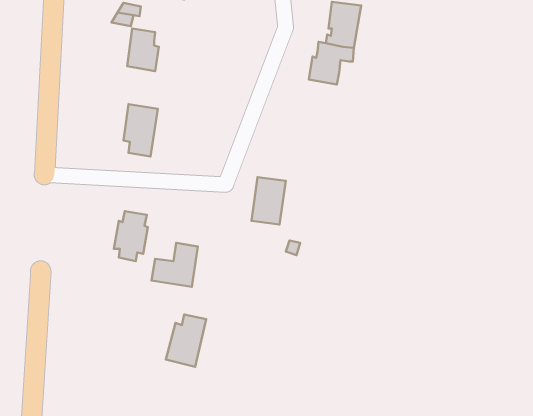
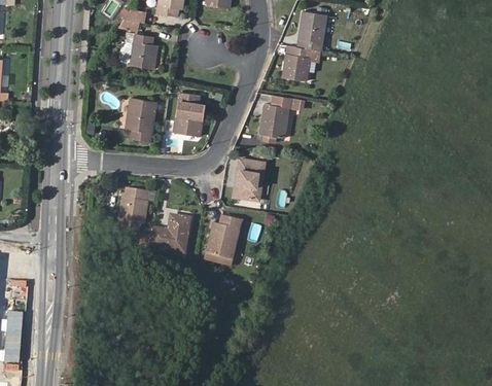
building: none -> [174,93,203,136]
building: none -> [260,94,293,138]
building: [166,314,206,367] -> [207,215,241,259]

